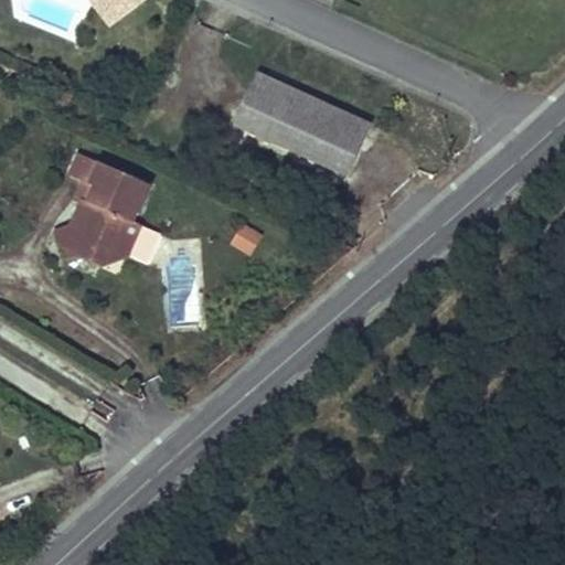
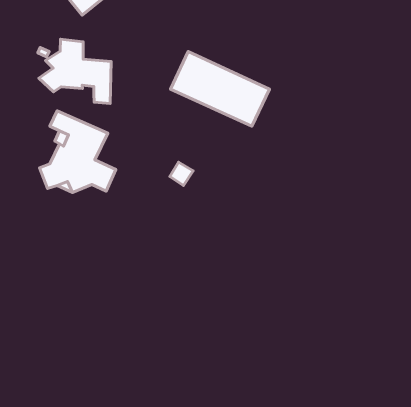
building: none -> [39,39,111,104]

